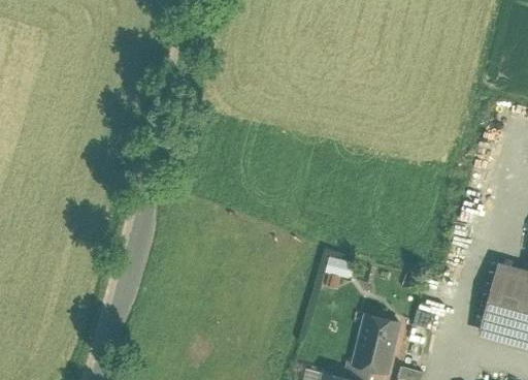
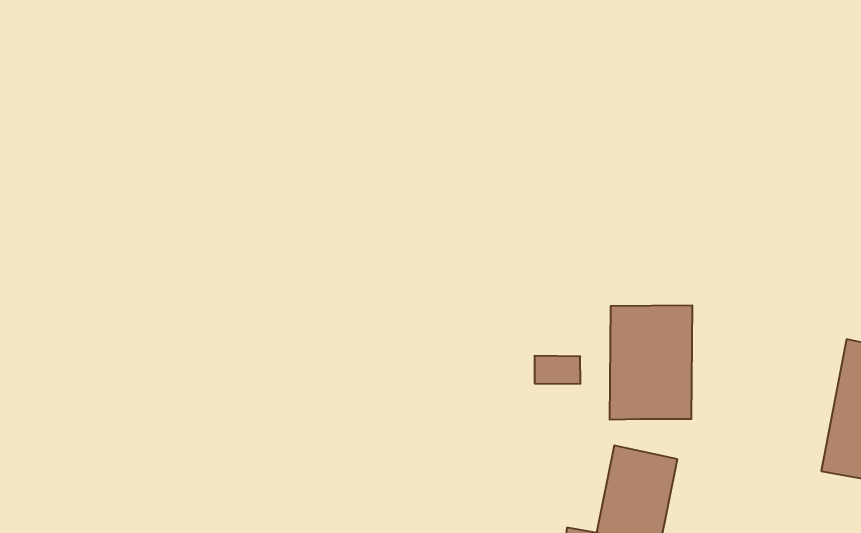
building: none -> [610,305,692,420]

